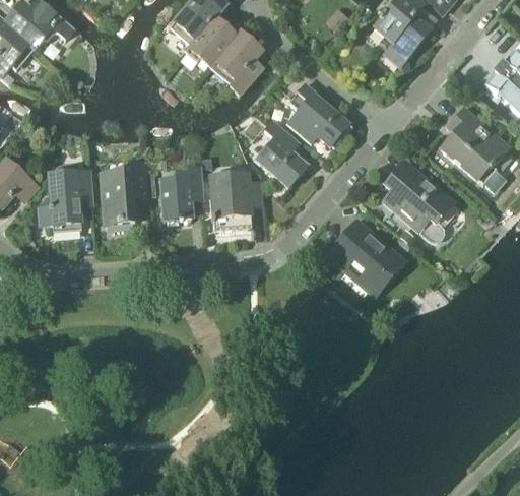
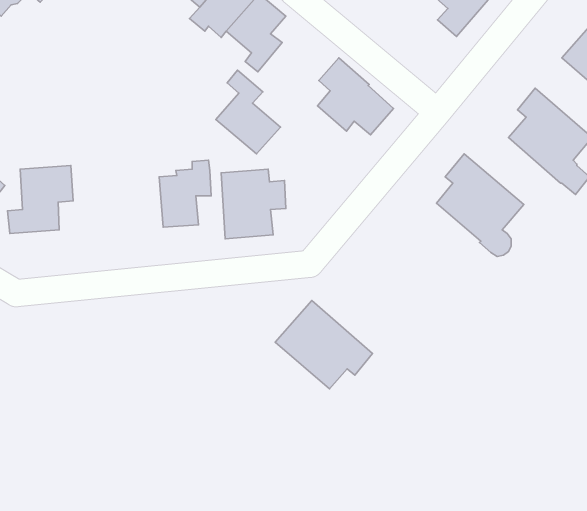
building: [255,120,307,187] -> [216,70,280,154]
building: [101,165,146,225] -> none
building: [326,220,404,291] -> [275,300,373,389]

